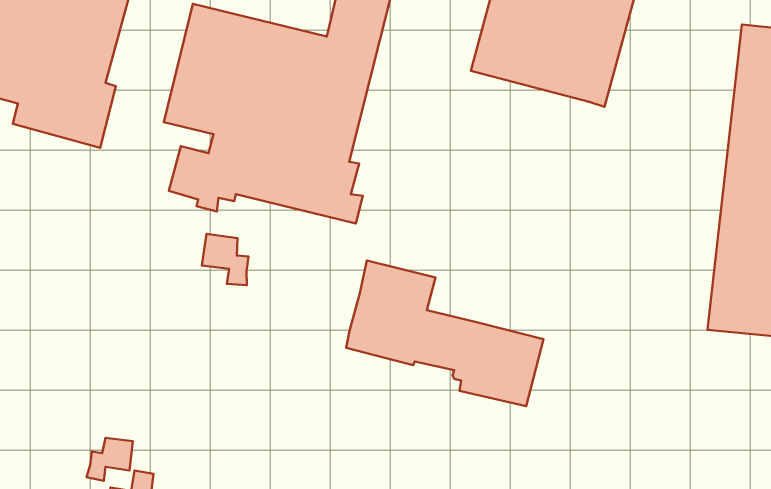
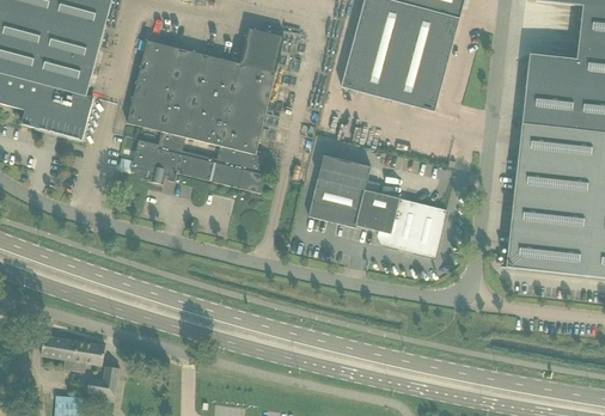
building: [202,234,248,285] -> none
building: [346,260,543,406] -> [308,154,446,256]
building: none -> [41,336,86,369]

